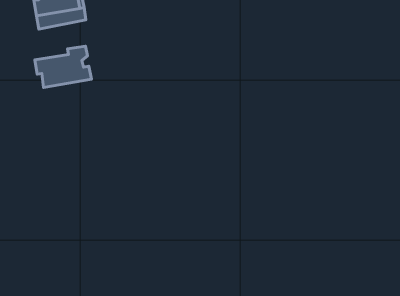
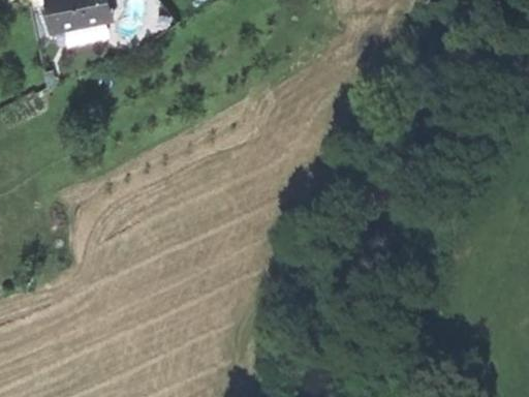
building: [35,46,91,88] -> none

